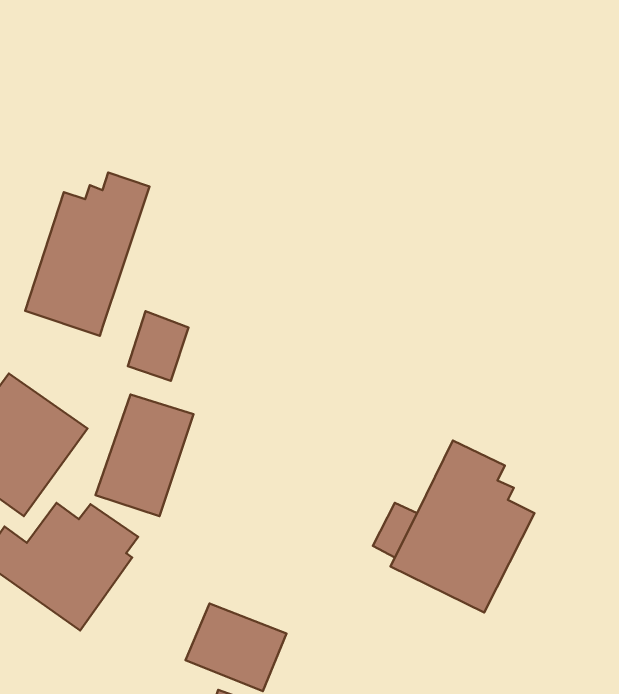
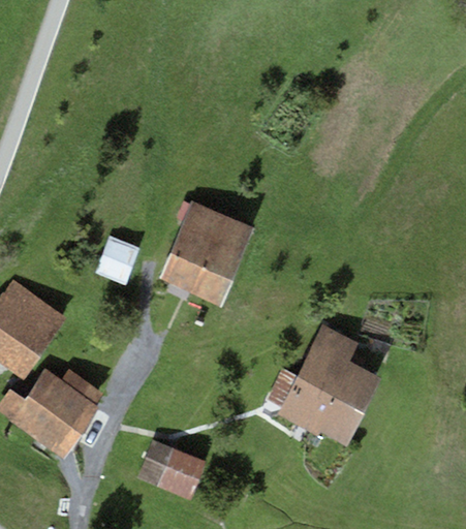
building: [25,172,150,336] -> none
building: none -> [160,199,257,304]
building: [96,395,194,516] -> none

